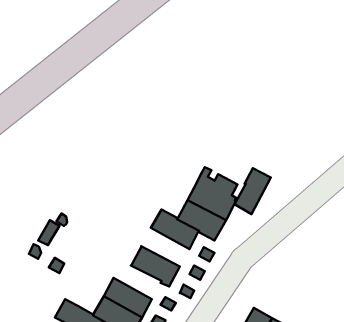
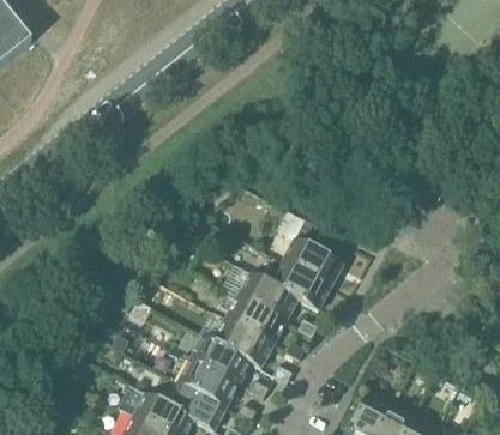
building: [234,168,271,214] -> none
building: none -> [224,296,284,344]
building: none -> [189,336,249,385]

